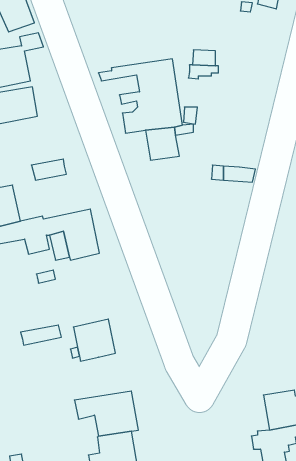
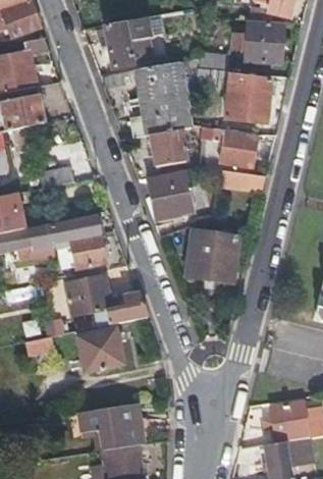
building: none -> [99,14,155,67]
building: none -> [230,17,281,61]
building: none -> [234,72,274,121]
building: none -> [208,130,254,167]
building: none -> [148,175,191,217]
building: none -> [187,229,230,280]
building: none -> [48,274,146,335]

